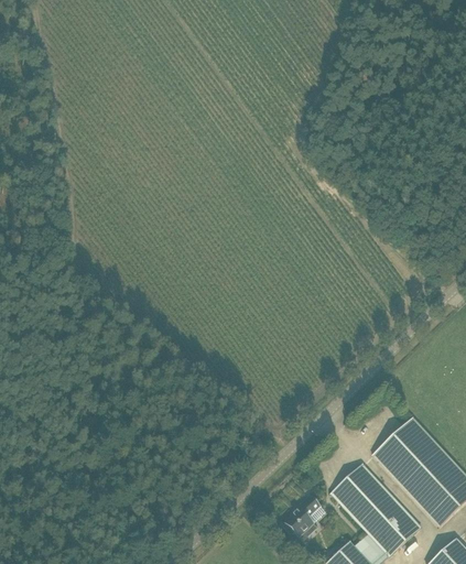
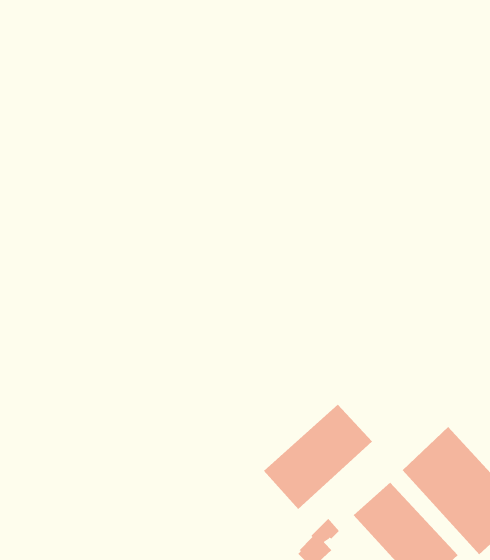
building: none -> [263,404,373,510]

